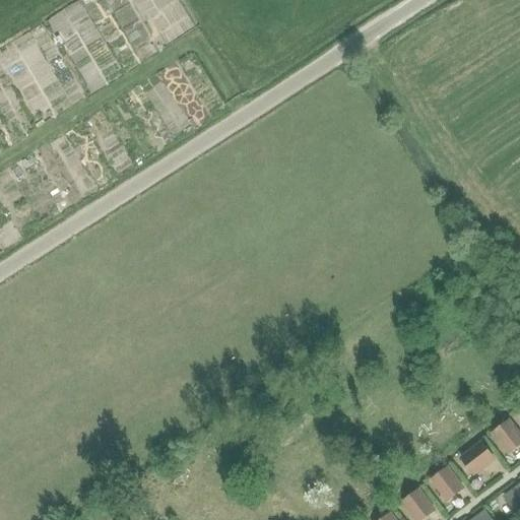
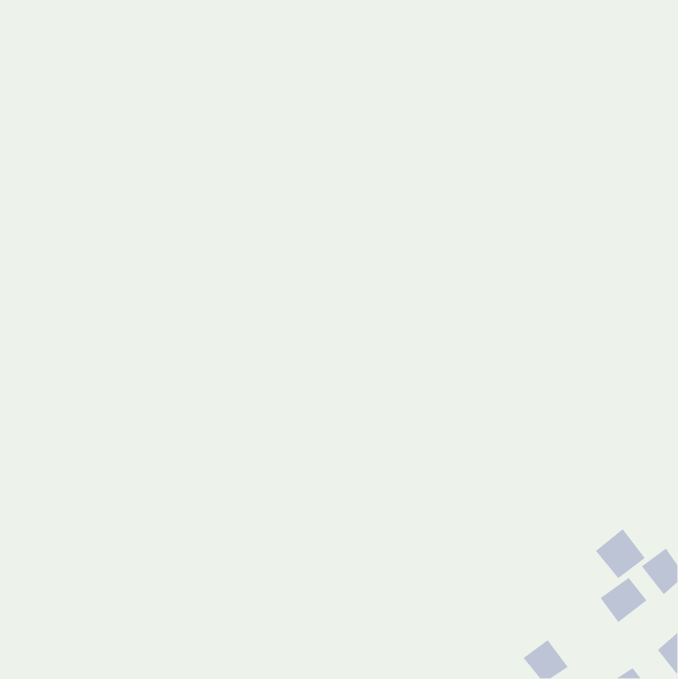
building: none -> [595,528,646,579]
building: [429,466,464,502] -> none

